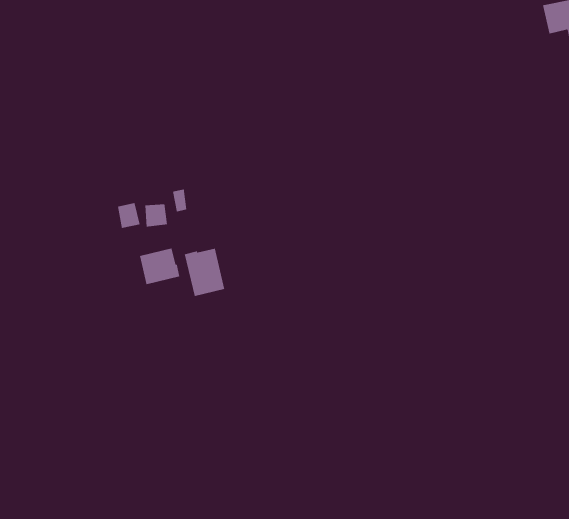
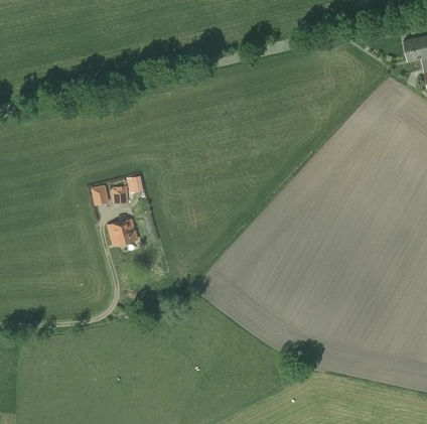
building: [184,248,225,297] -> none

